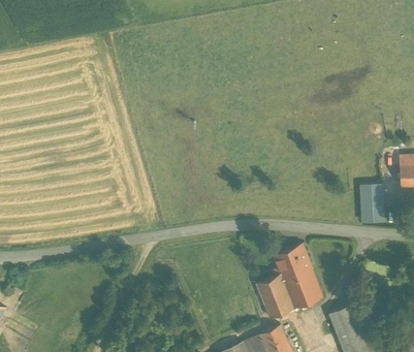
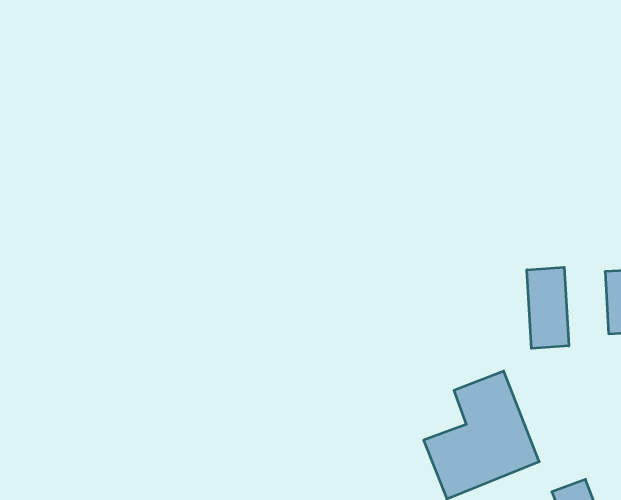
building: none -> [527,267,569,348]

